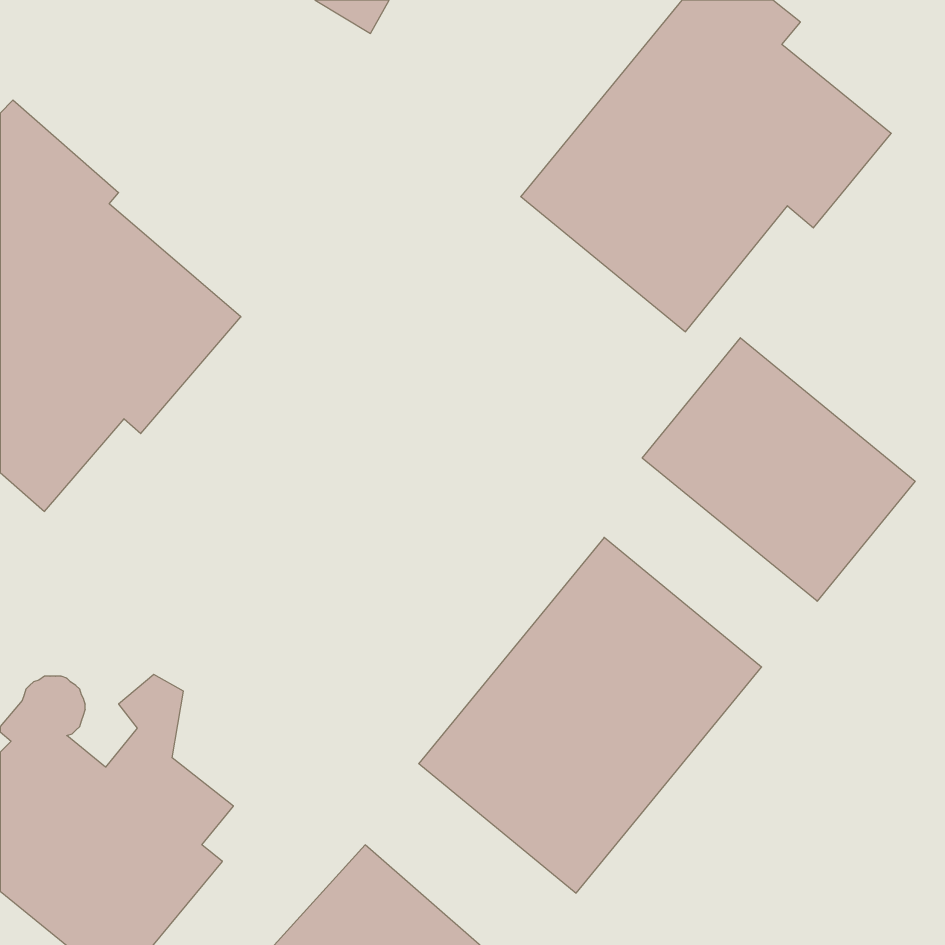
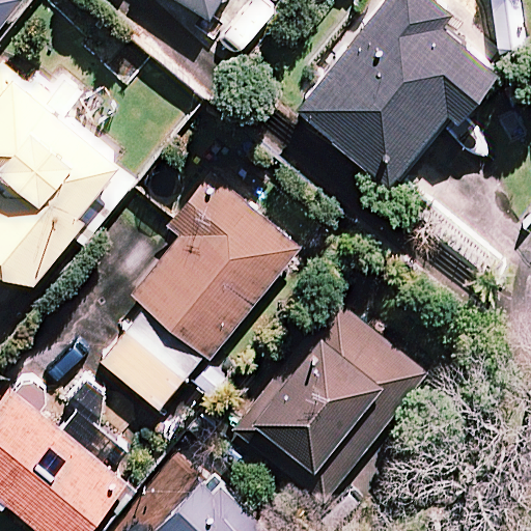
building: none -> [104,176,299,408]
building: [642,338,915,601] -> none

